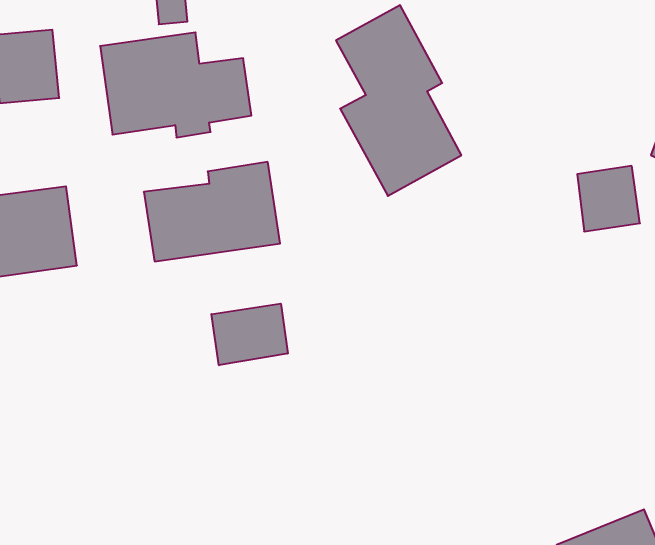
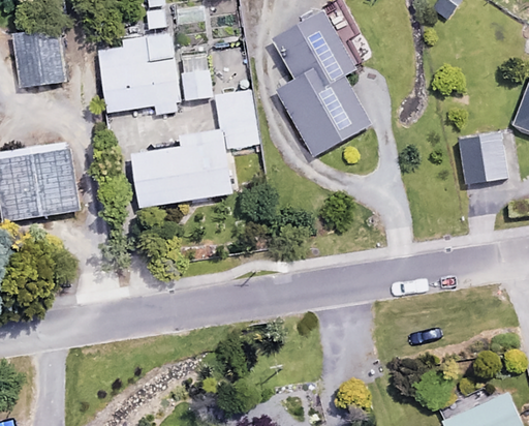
building: none -> [215,89,255,145]
building: [211,304,288,365] -> none

